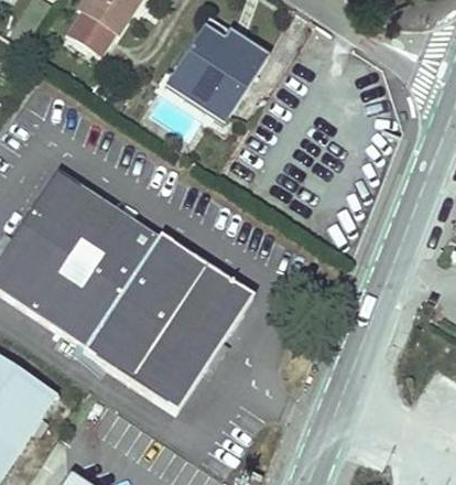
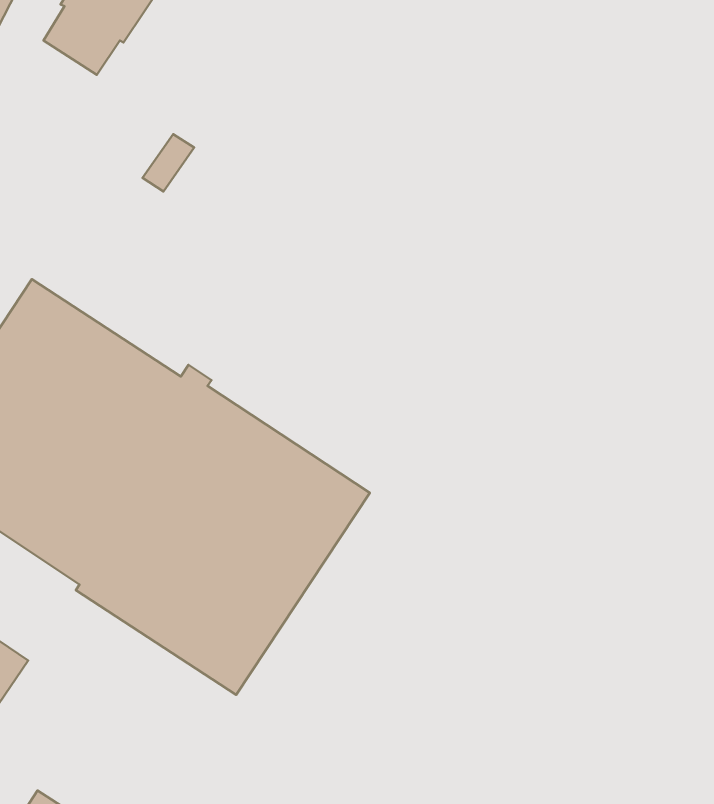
building: [162,19,265,126] -> none

